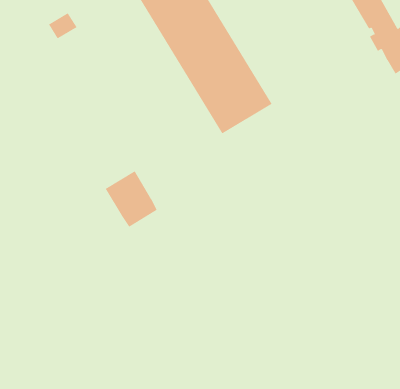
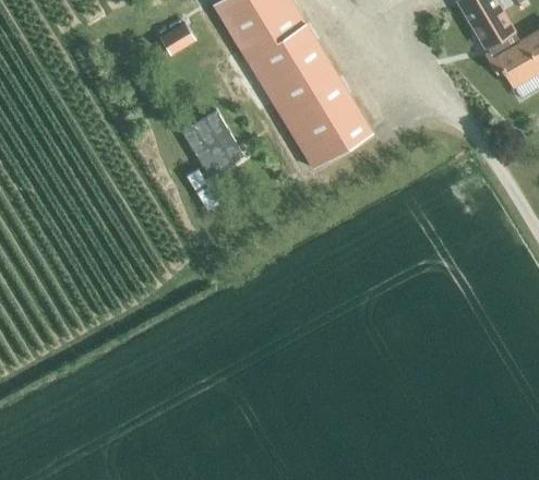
building: [48,12,77,39] -> [161,23,196,55]
building: [105,170,157,227] -> [181,110,243,178]

